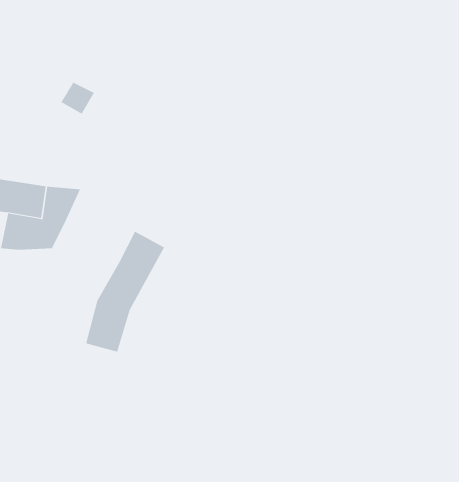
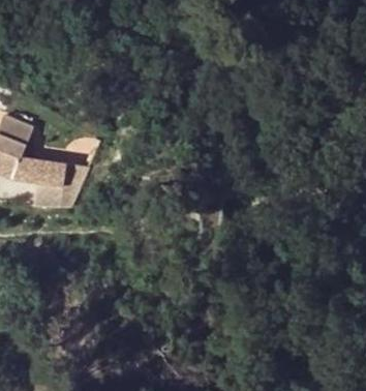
building: [85,231,165,353] -> none

